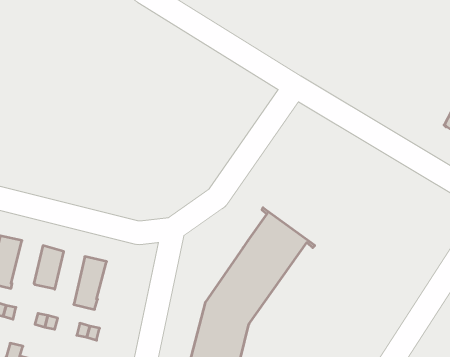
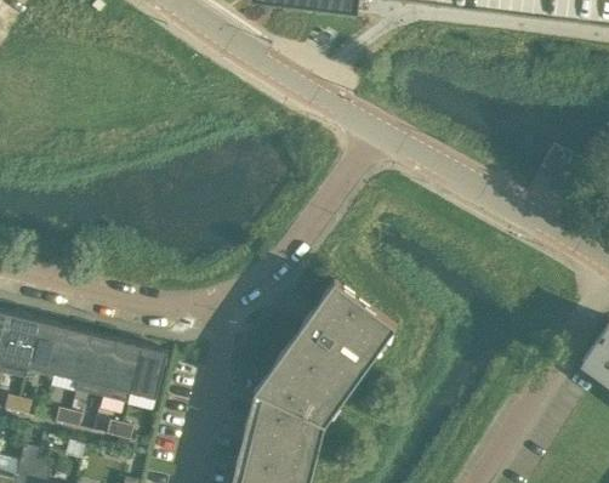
building: none -> [24,320,63,380]
building: none -> [73,334,114,398]
building: none -> [129,346,166,398]

